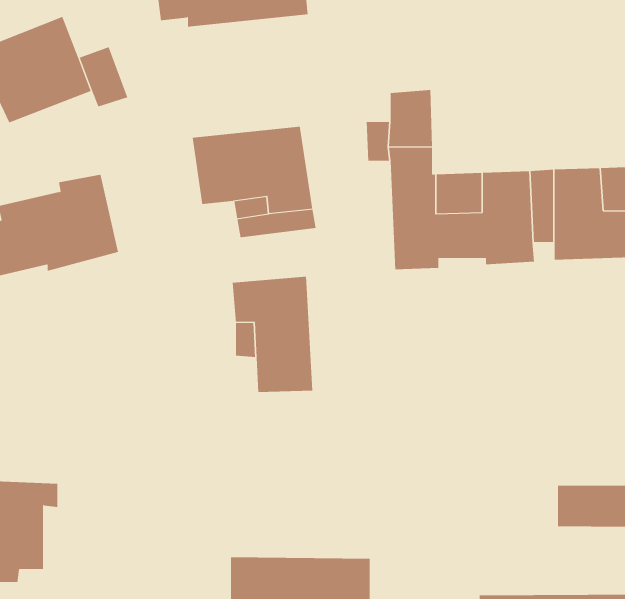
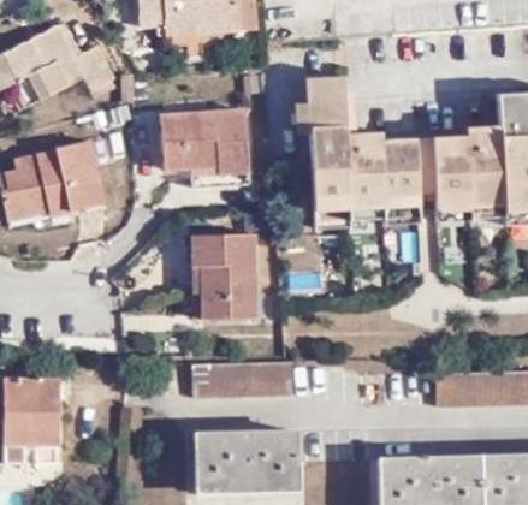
building: none -> [191,361,293,393]

